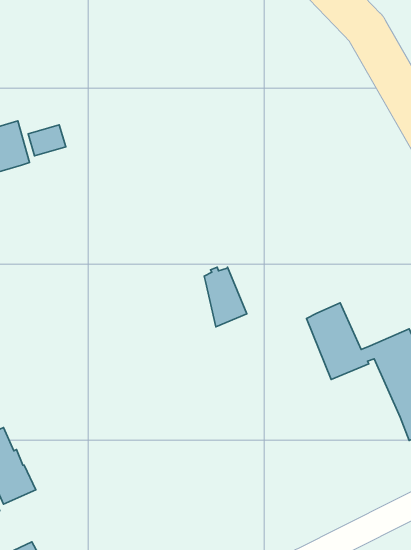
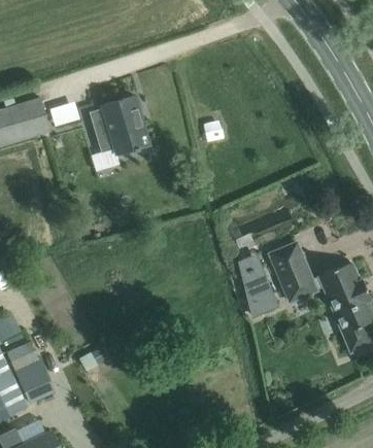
building: none -> [89,95,145,156]
building: [204,267,247,327] -> [243,269,277,316]

